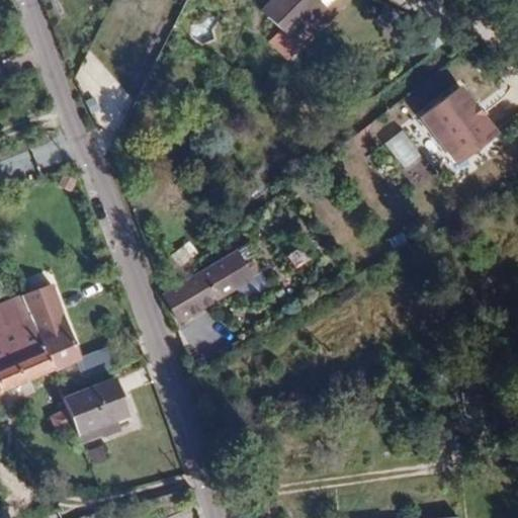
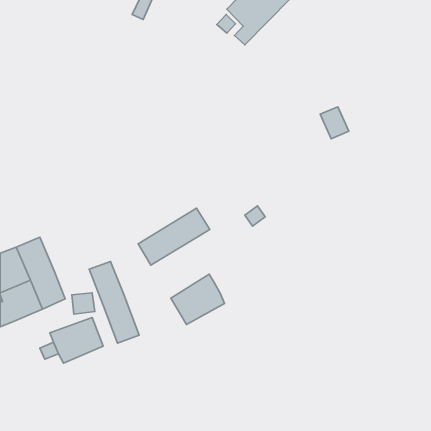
building: [420,87,497,166] -> none
building: none -> [89,262,139,343]
building: none -> [171,274,225,324]

